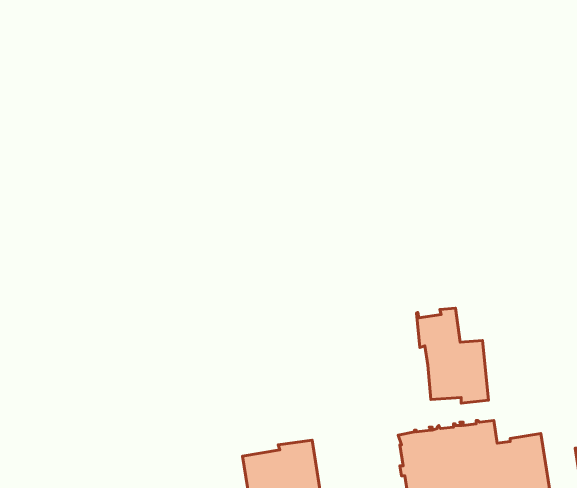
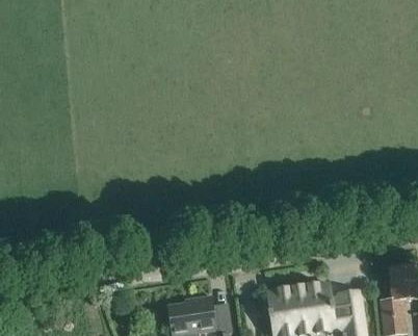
building: [417,308,489,403] -> none

